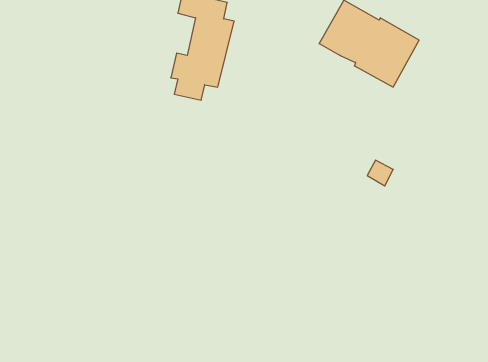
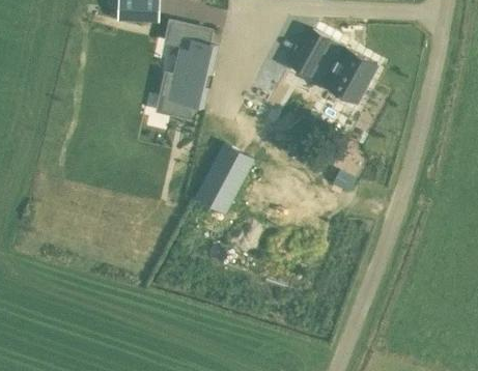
building: none -> [193,143,252,215]

